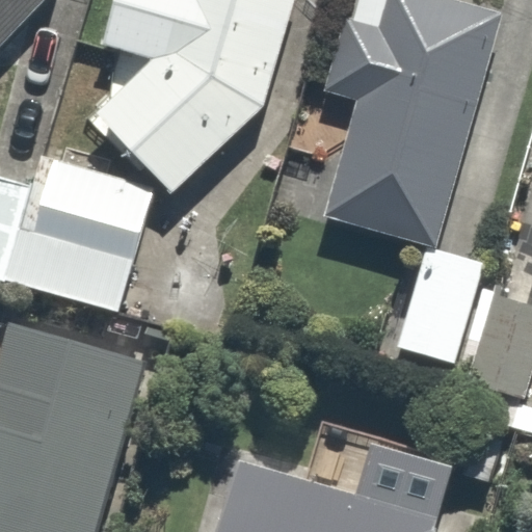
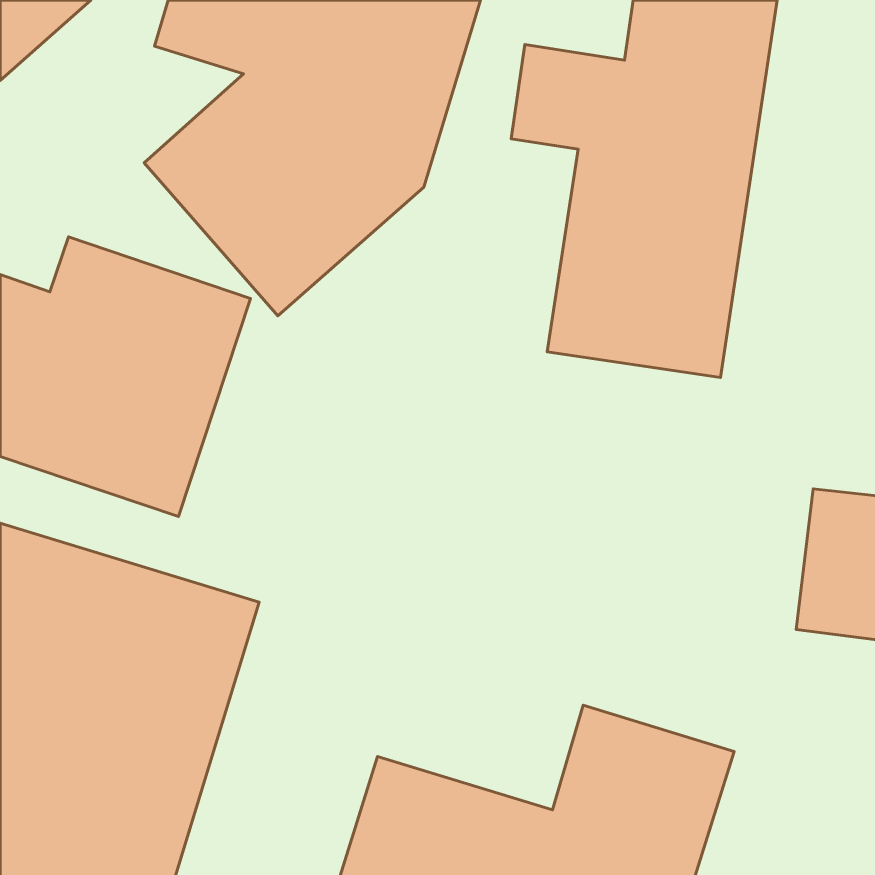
building: [402,244,479,364] -> none

